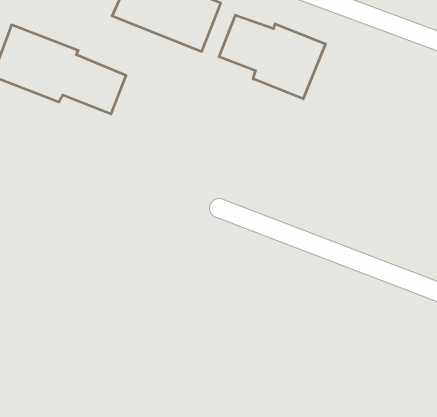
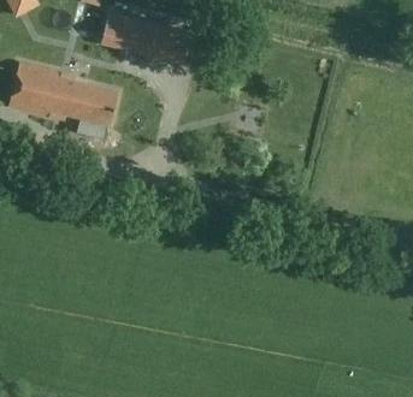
building: [219,15,325,99] -> none

